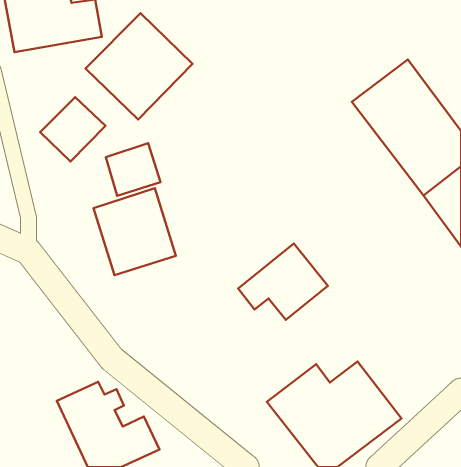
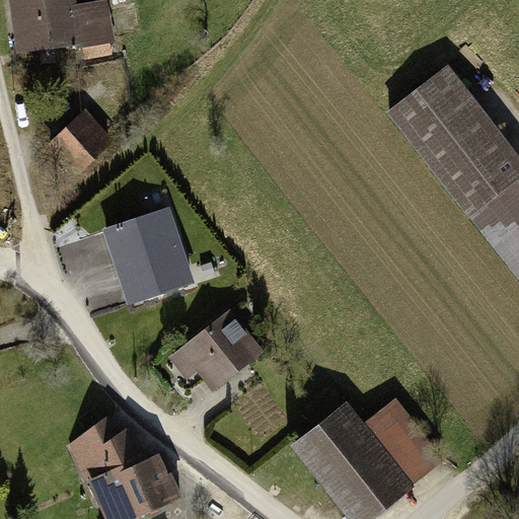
building: [86,13,192,120] -> none
building: [106,143,160,196] -> none
building: [238,244,328,320] -> [168,306,268,390]

